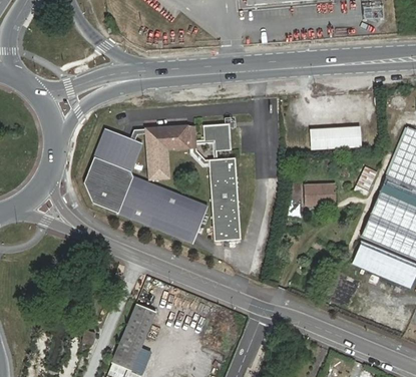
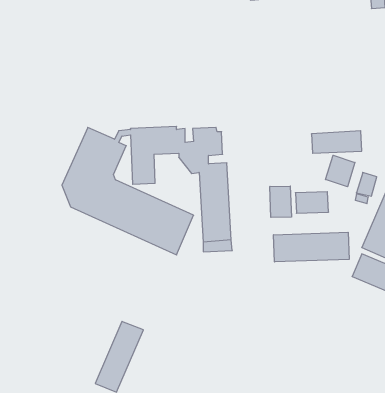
building: none -> [326,155,355,187]
building: none -> [270,186,291,217]
building: none -> [274,232,349,262]

